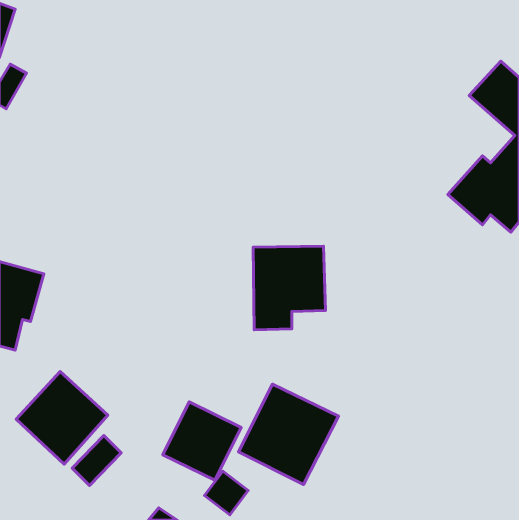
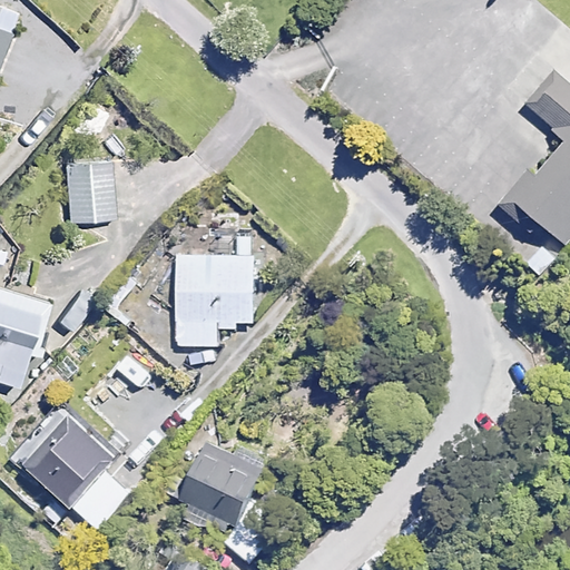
building: none -> [66,164,114,222]
building: [253,246,325,330] -> [176,255,255,346]
building: [239,384,339,484] -> none

